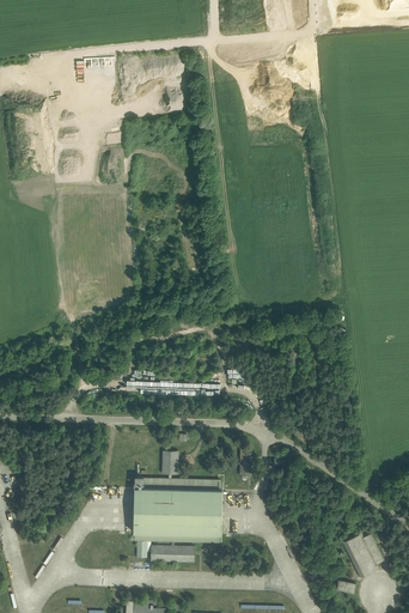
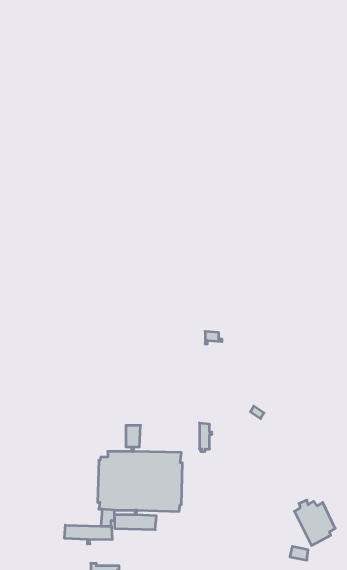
building: none -> [65,525,112,544]

